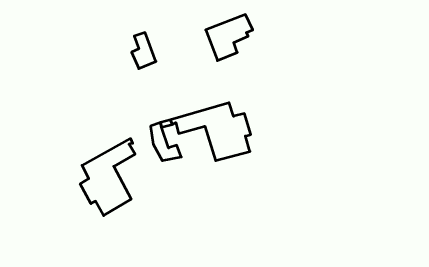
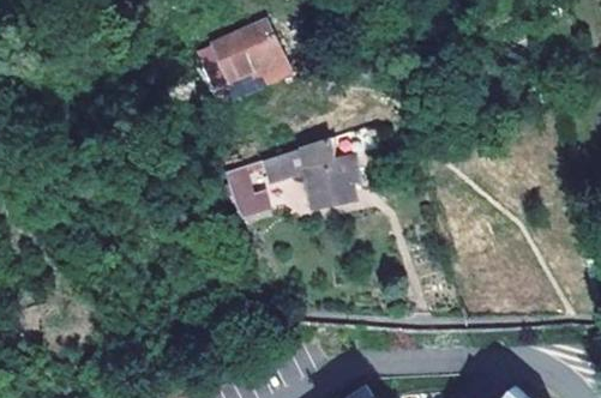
building: [206,15,253,61] -> [216,24,278,85]
building: [80,139,135,216] -> none

